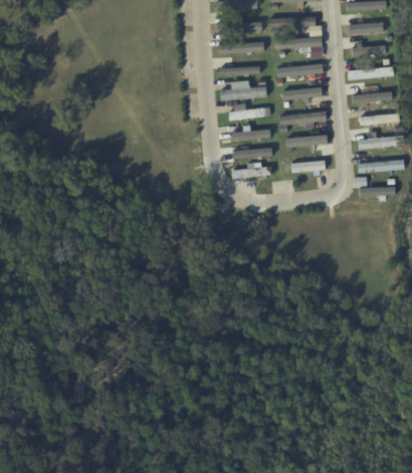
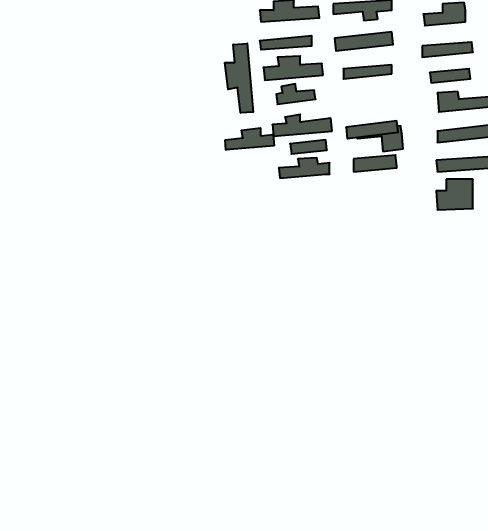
building: none -> [225,43,253,113]
building: [280,110,328,131] -> none
building: none -> [225,128,274,150]

